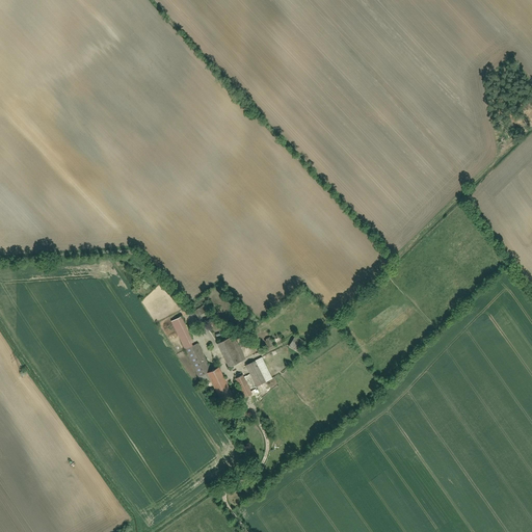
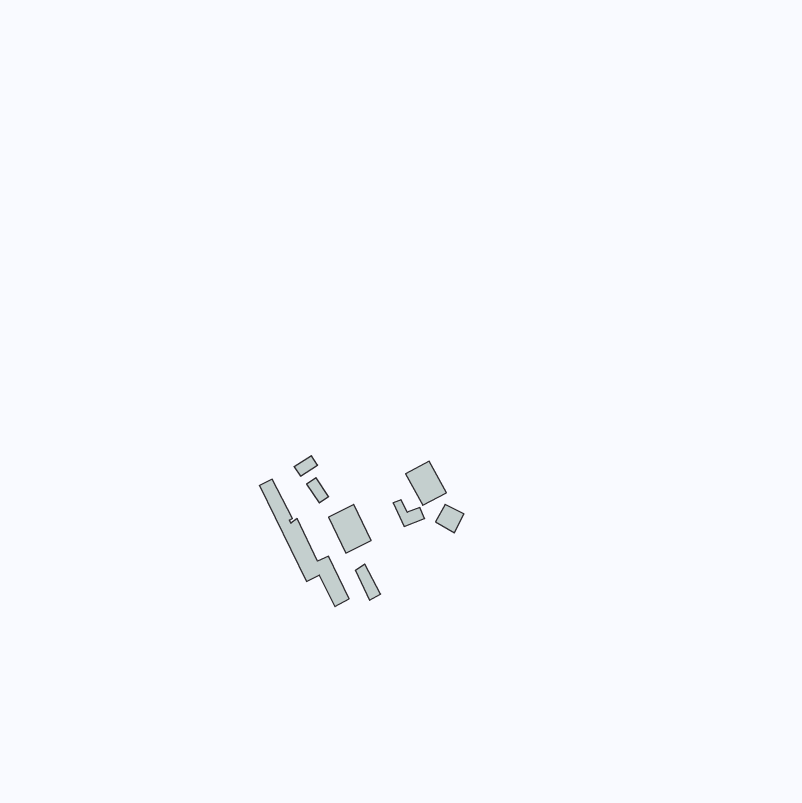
building: [245,356,272,385] -> [406,461,446,505]

